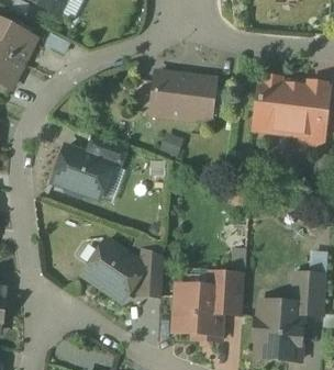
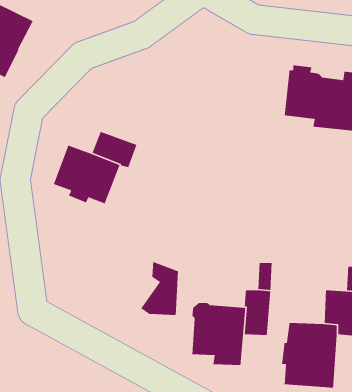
building: [152,72,214,121] -> none
building: [84,240,146,301] -> none

